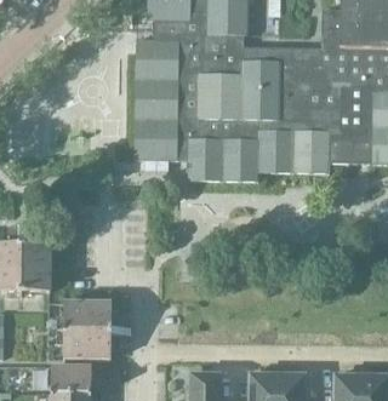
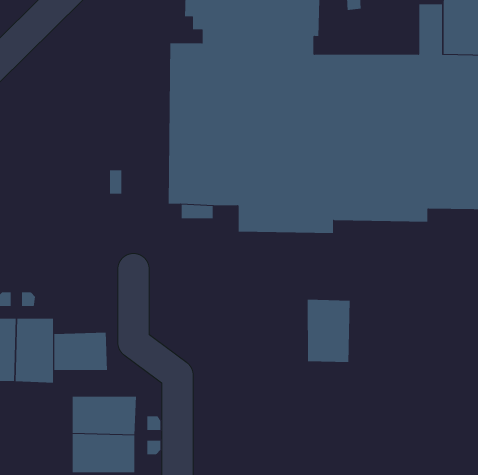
building: none -> [307,299,350,363]
building: none -> [54,332,108,371]

